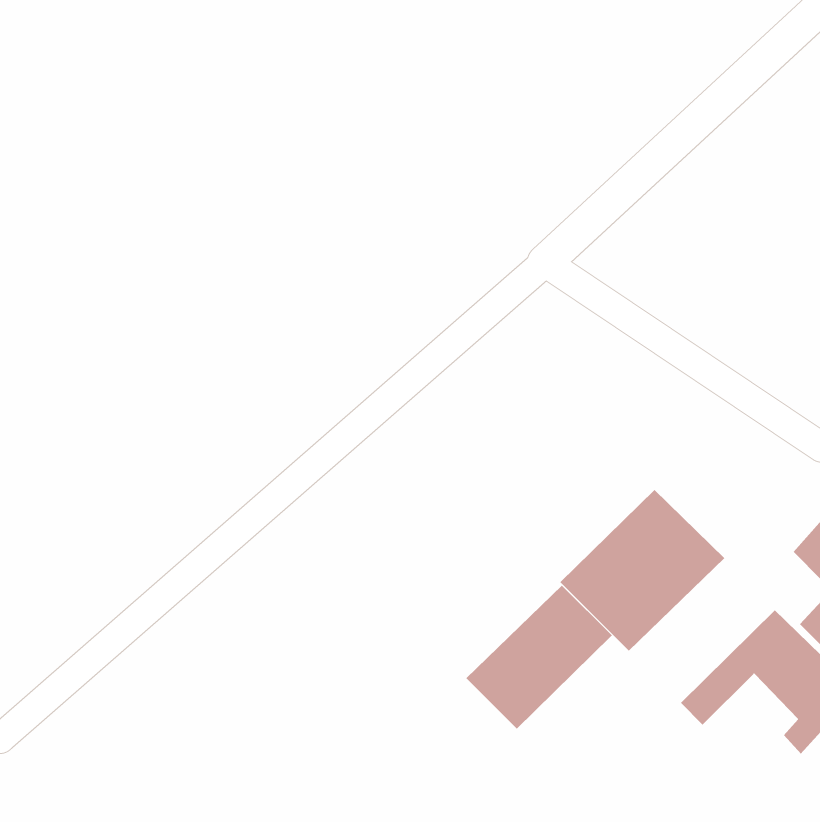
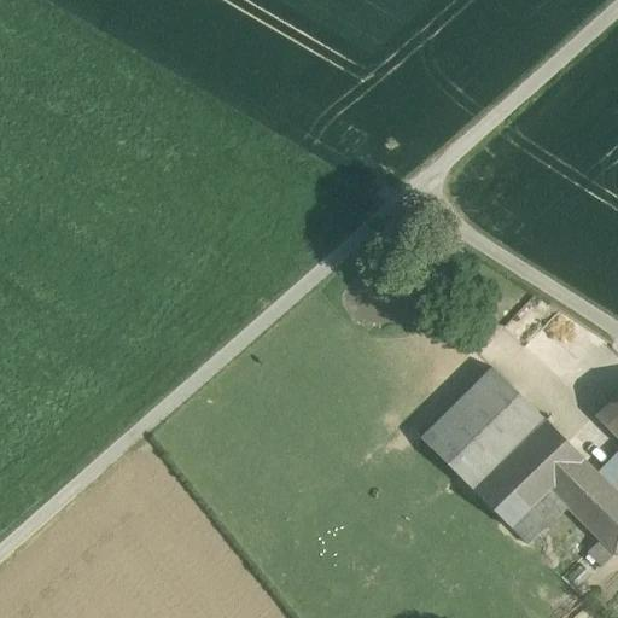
building: [465,585,613,729] -> [473,419,584,527]

